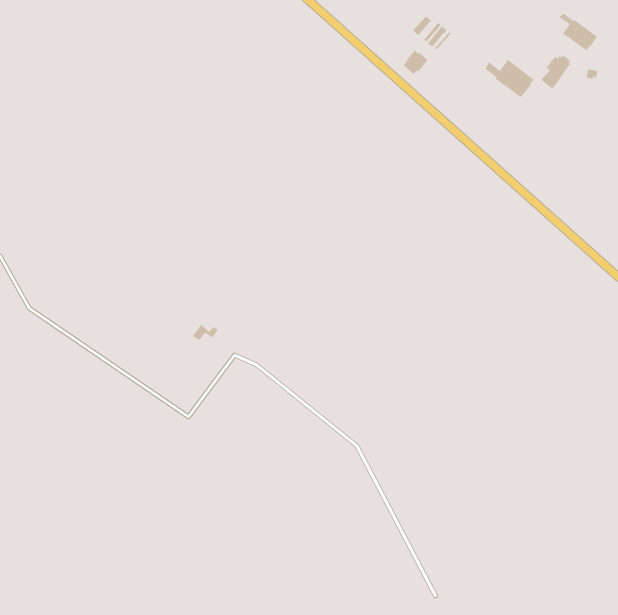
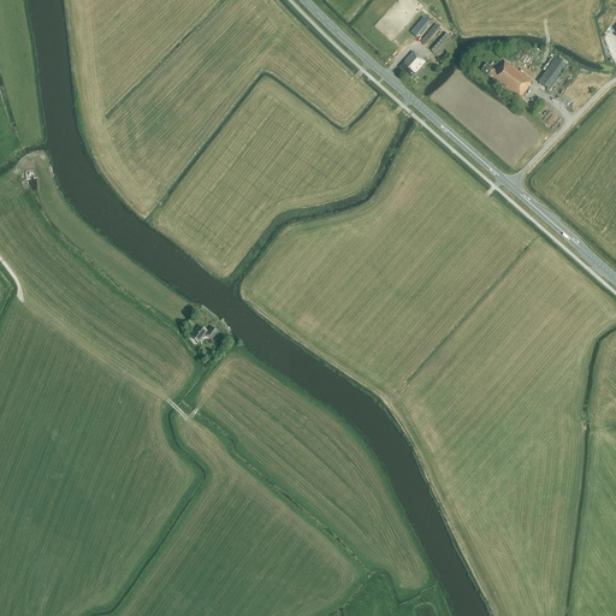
building: [559,13,598,51] -> none

